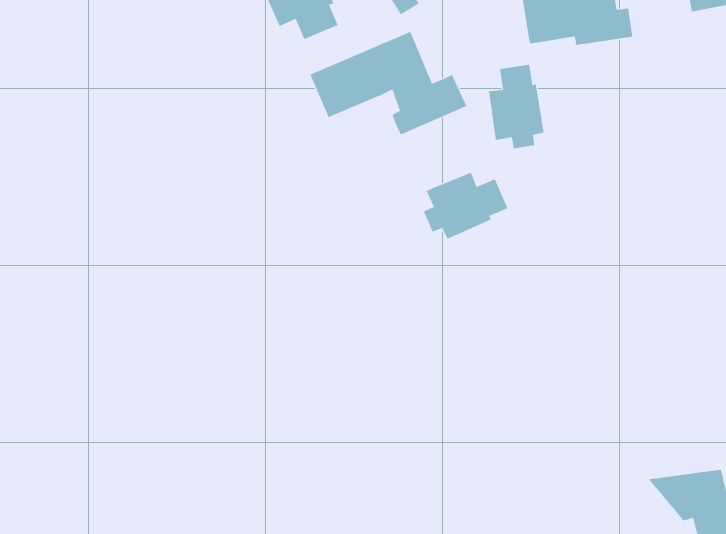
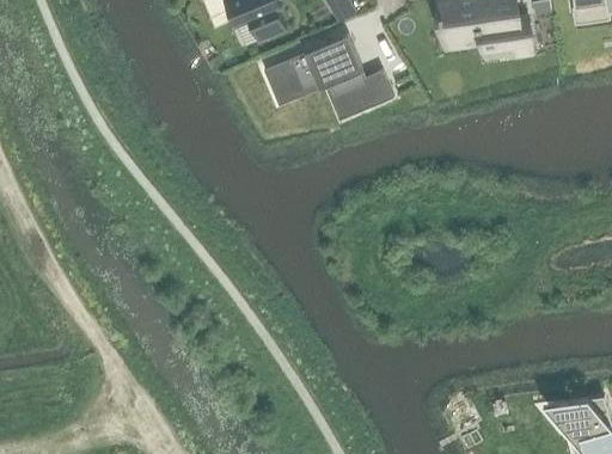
building: [488,64,544,149] -> none
building: [423,172,508,239] -> none

